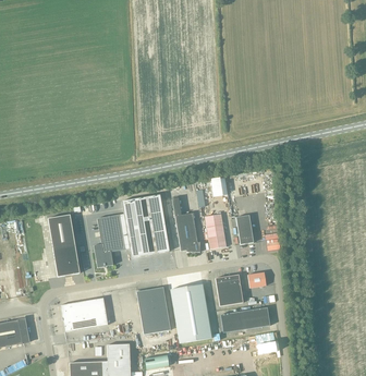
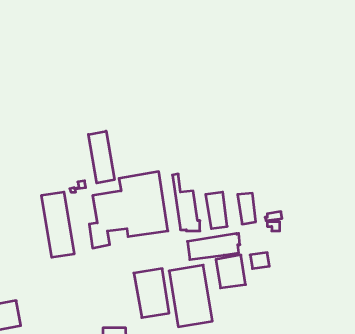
building: none -> [88,131,114,183]
building: [61,296,109,331] -> none
building: [221,306,271,331] -> [187,233,240,260]

